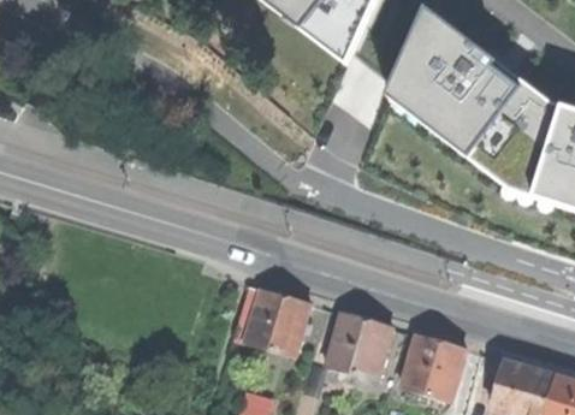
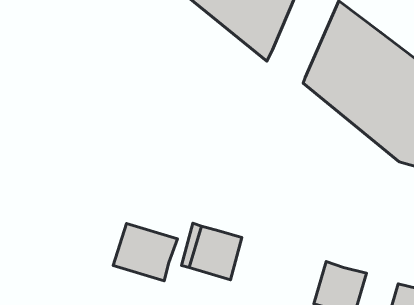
building: none -> [113,224,177,281]
building: [326,312,391,379] -> none

